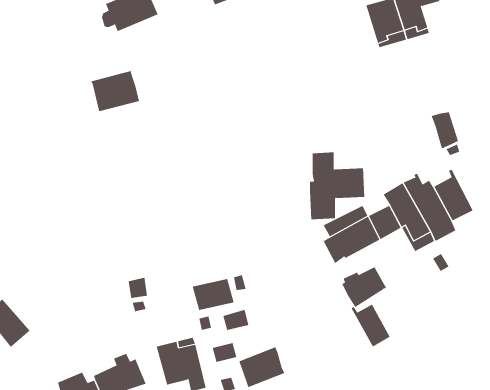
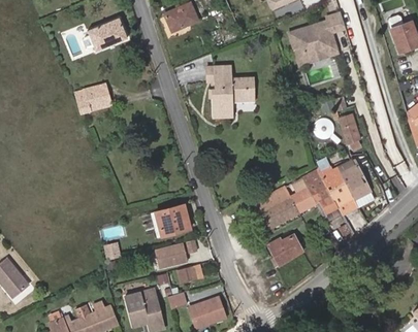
building: [309,152,365,220] -> [212,65,255,118]
building: none -> [157,206,188,236]
building: [351,304,390,347] -> none

